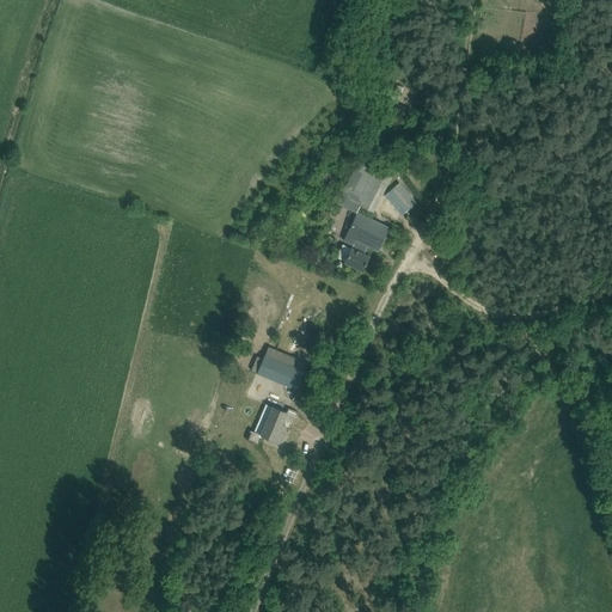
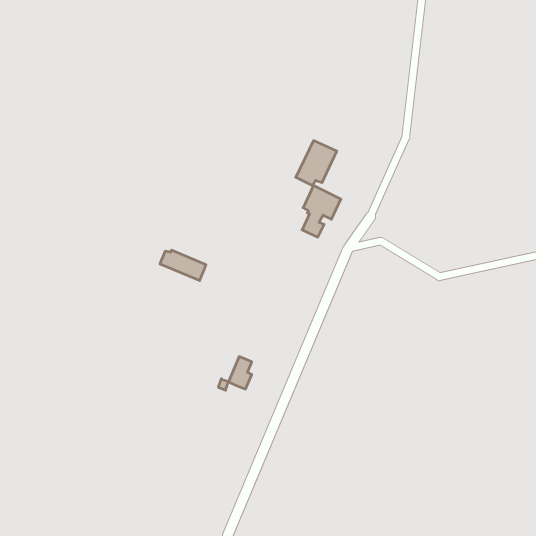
building: [385,183,417,215] -> none
building: [251,355,304,390] -> [160,250,206,281]

